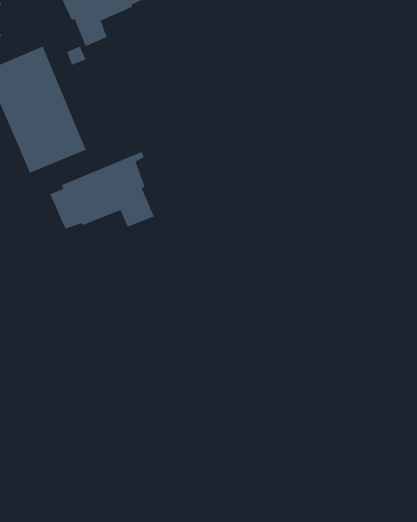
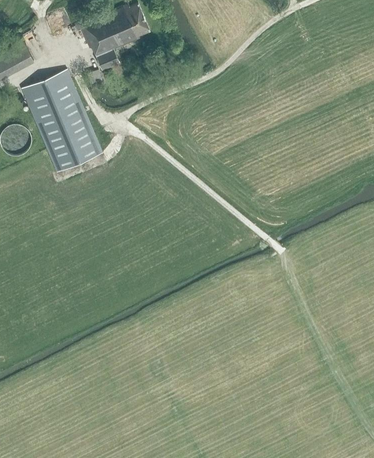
building: [49,151,154,229] -> none

